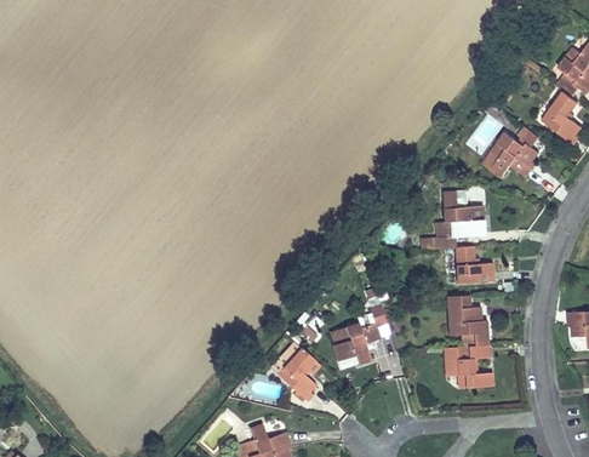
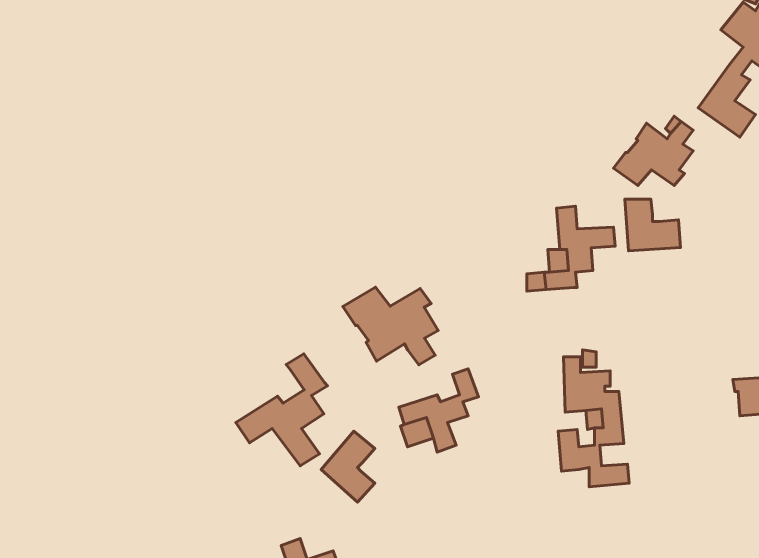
building: none -> [343,287,438,365]
building: [454,247,493,284] -> [625,199,680,251]
building: none -> [236,354,327,466]

